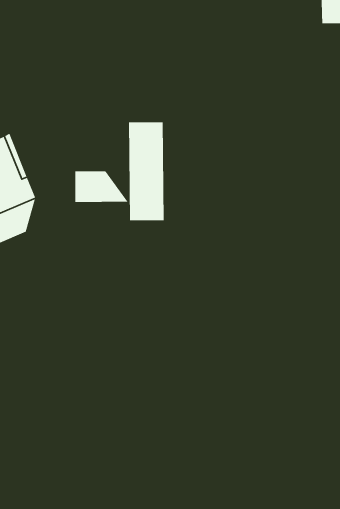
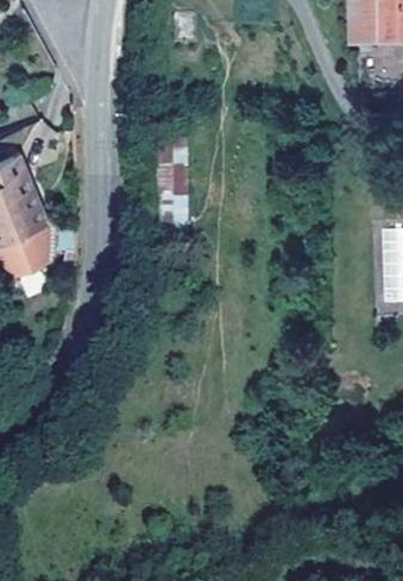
building: [74,170,129,203] -> none

